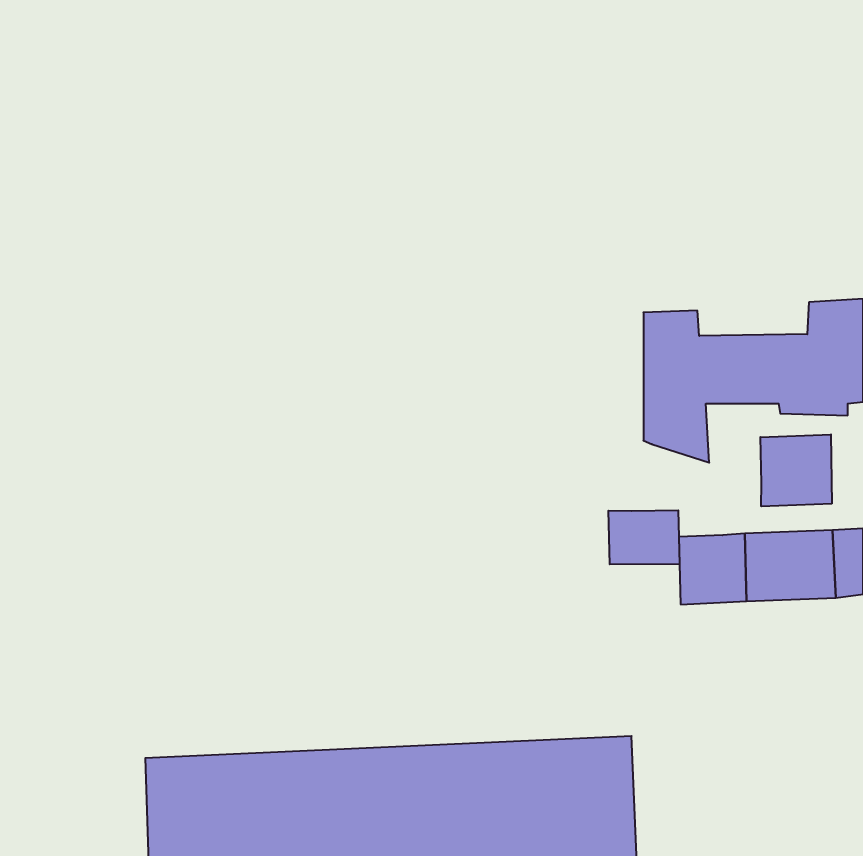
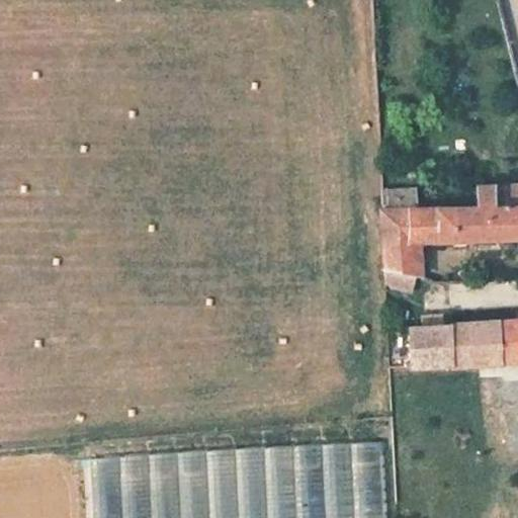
building: [760,434,832,506] -> none
building: [608,510,680,564] -> none

